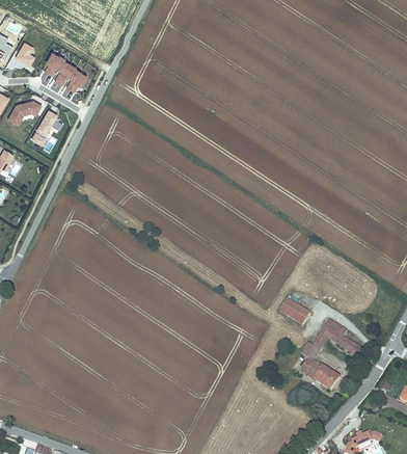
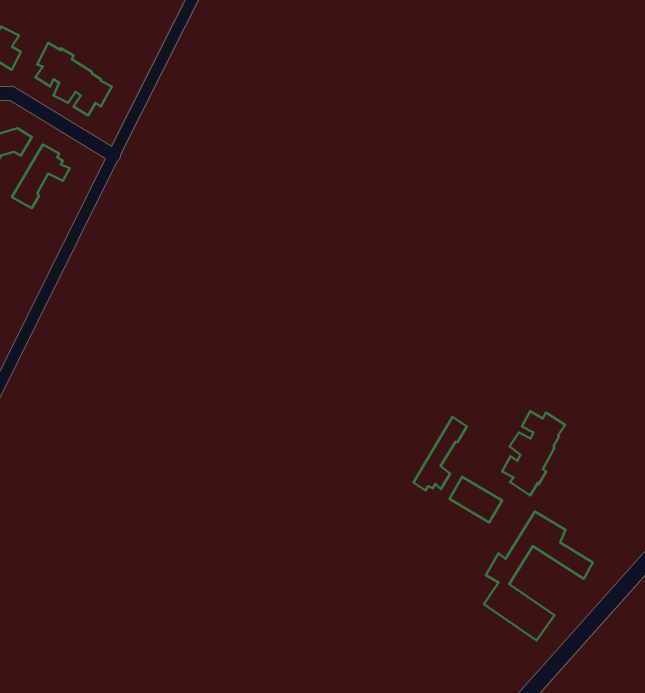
building: none -> [502,411,565,496]
building: none -> [414,417,467,490]

